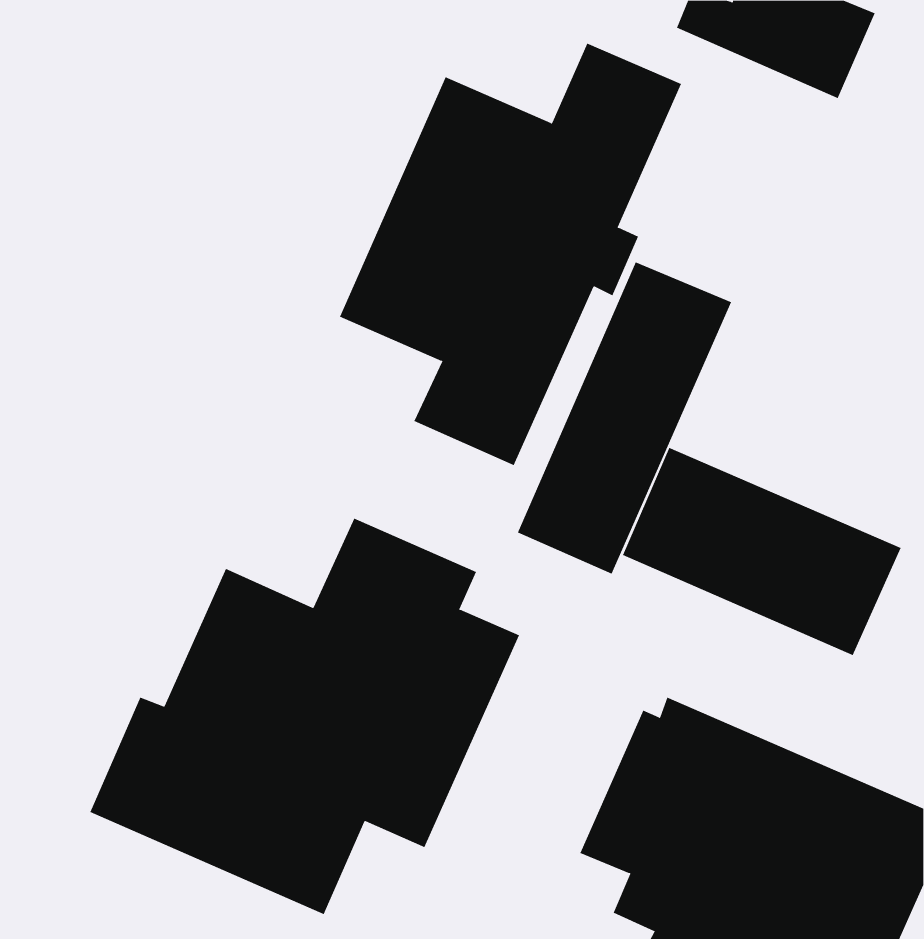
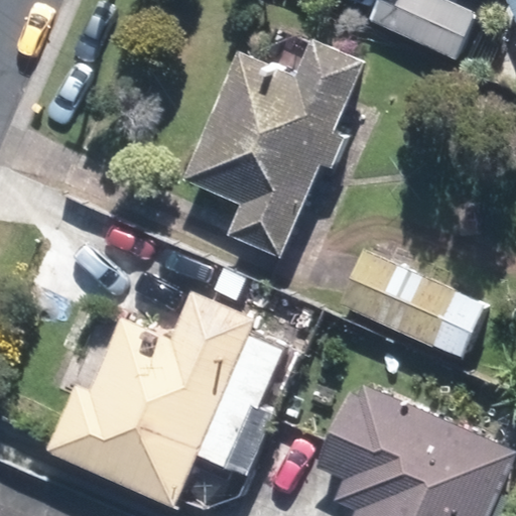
building: [517,262,732,575] -> none

